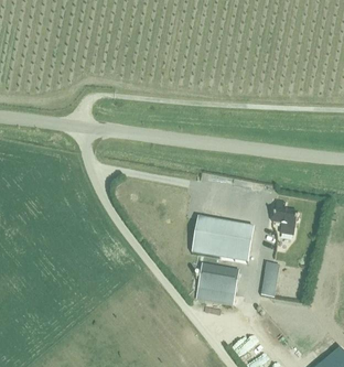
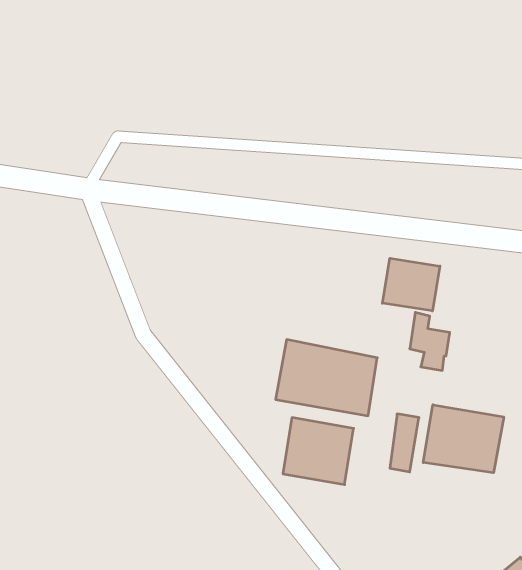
building: none -> [382,258,440,311]
building: none -> [423,405,504,473]

